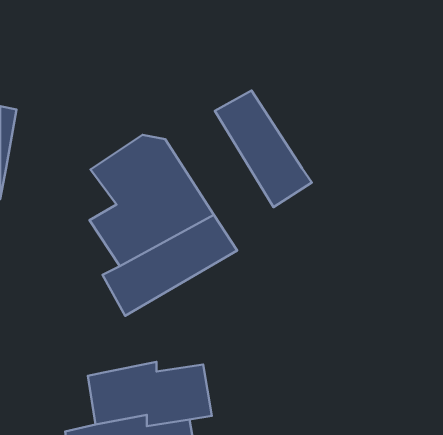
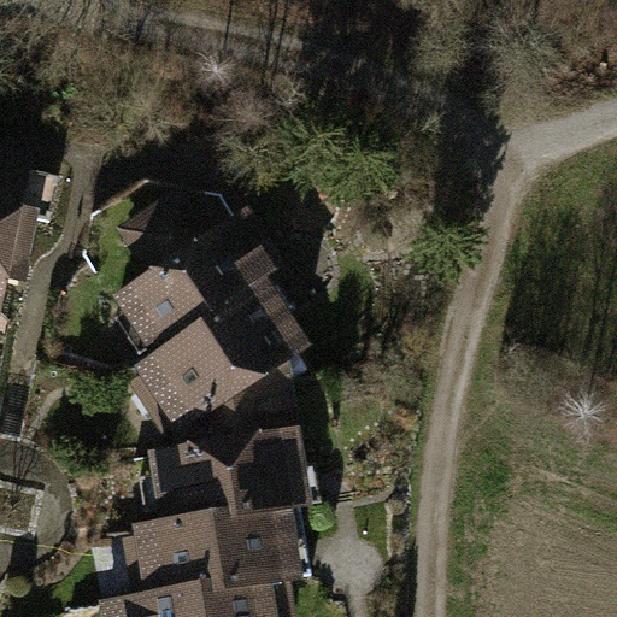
building: [215,91,312,207] -> none
building: none -> [140,437,304,529]

